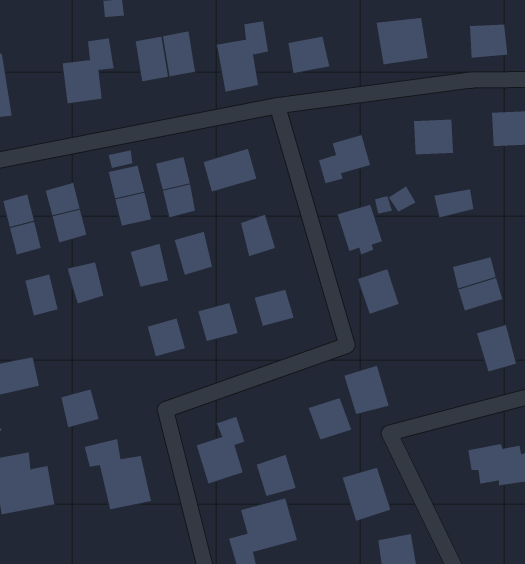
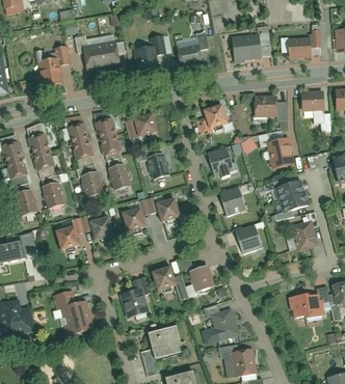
building: [344,365,389,414] -> [235,223,263,253]
building: [61,389,100,428] -> [56,225,80,249]
building: [256,454,296,497] -> [152,265,177,291]

